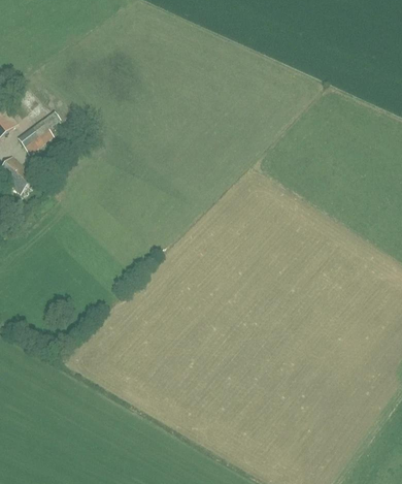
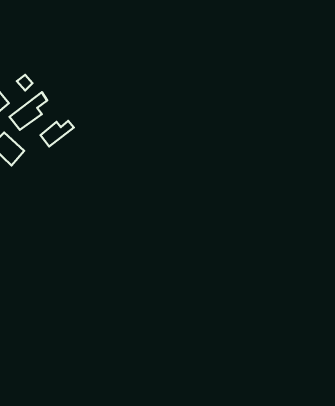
building: none -> [41,121,74,147]

